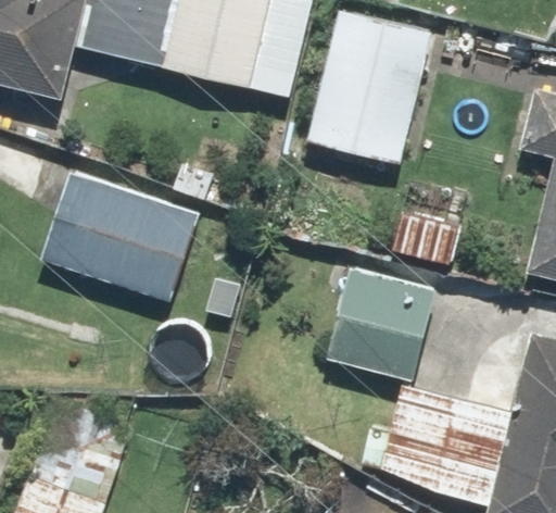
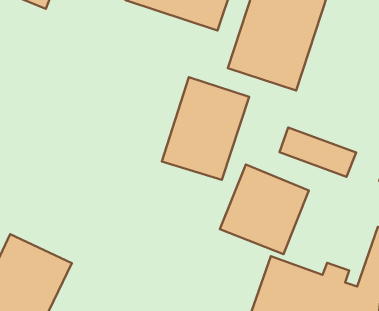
building: none -> [162,77,249,180]
building: [42,174,198,301] -> none

